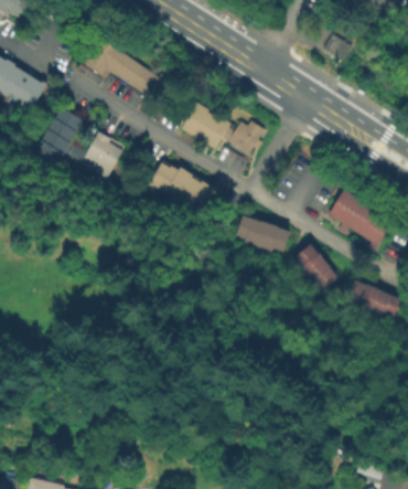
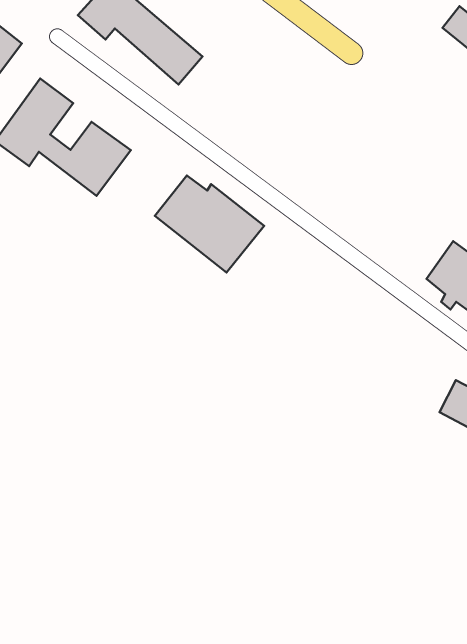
building: [178,99,265,155] -> none
building: [236,215,290,253] -> none
building: [293,243,340,291] -> none

